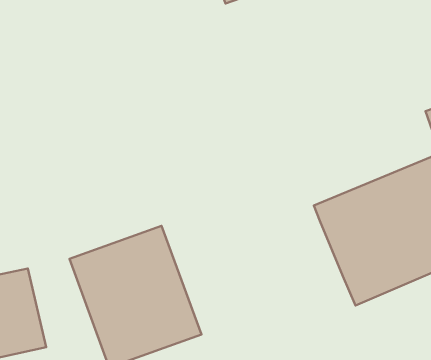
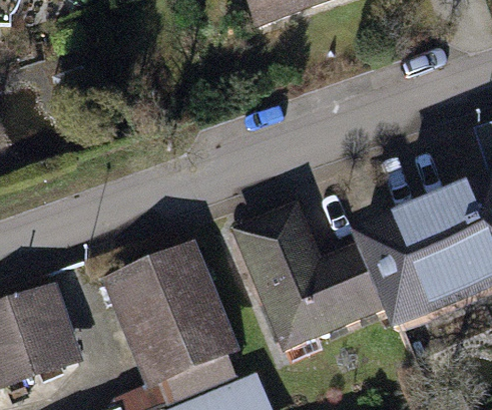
building: none -> [223,197,388,345]

